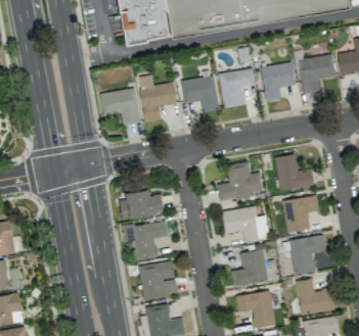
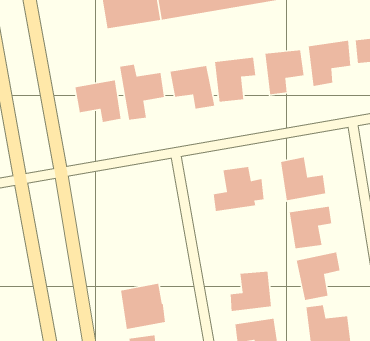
building: [119,182,164,220] -> none
building: [222,206,269,241] -> none
building: [122,221,168,259] -> none

